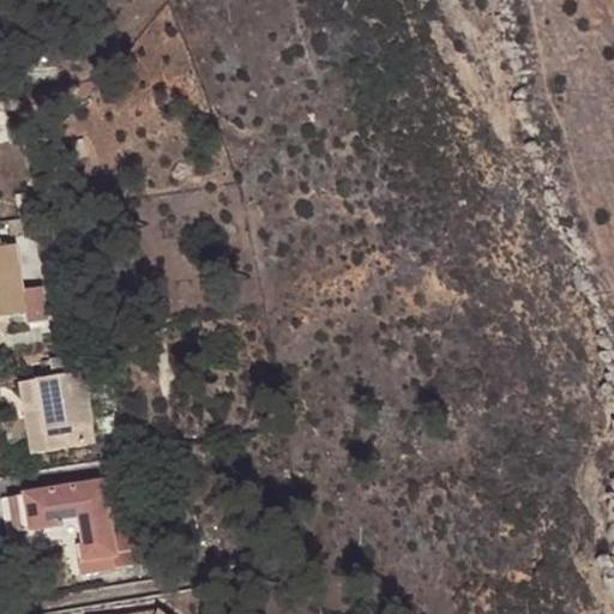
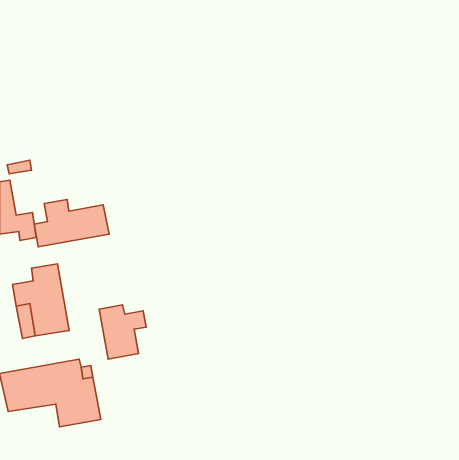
building: none -> [34,199,109,247]
building: none -> [99,305,146,359]

